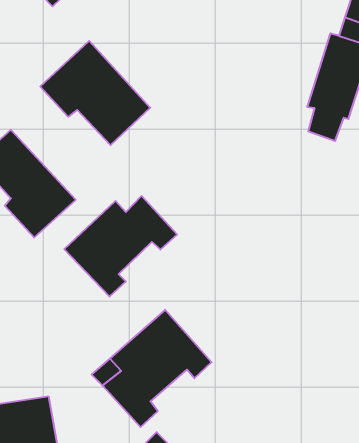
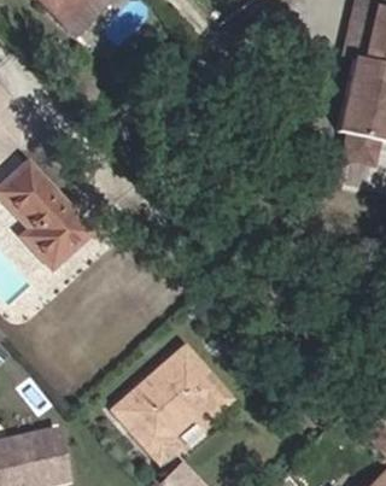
building: [40,41,150,145] -> none
building: [64,196,177,297] -> none

